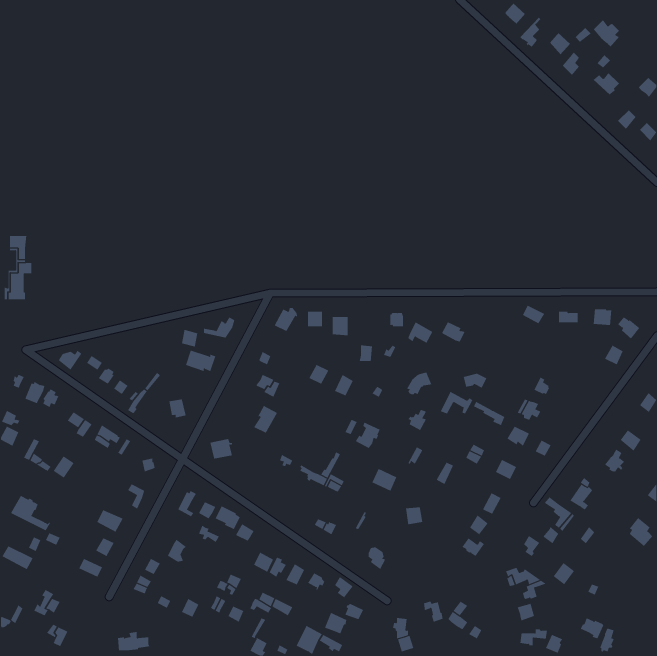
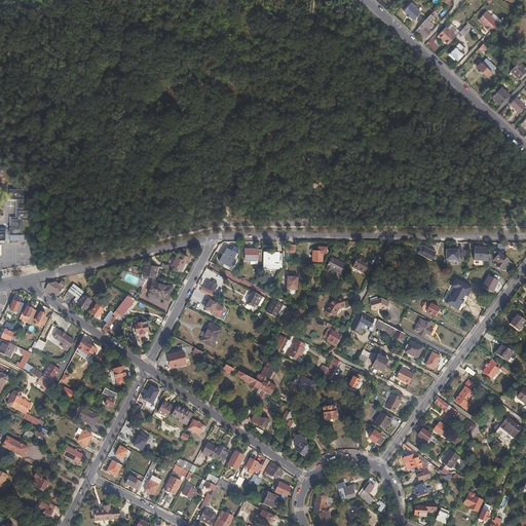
building: none -> [445,277,473,309]

